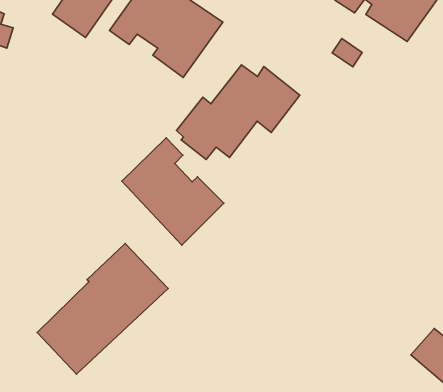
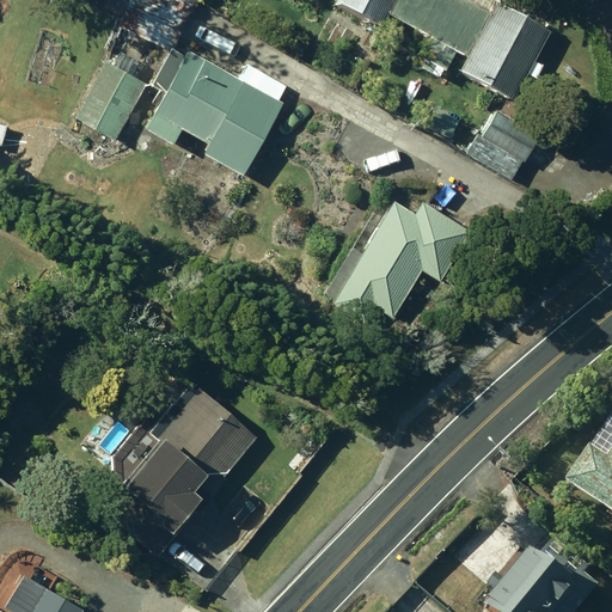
building: none -> [467,106,541,177]
building: [177,65,300,159] -> [324,200,471,323]
building: [122,138,224,245] -> none

